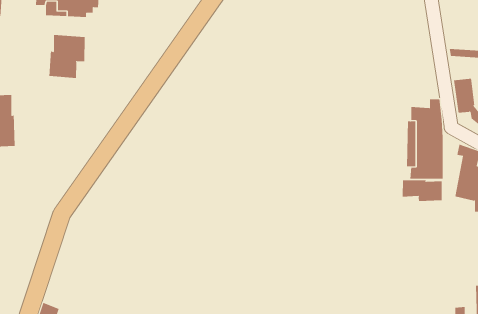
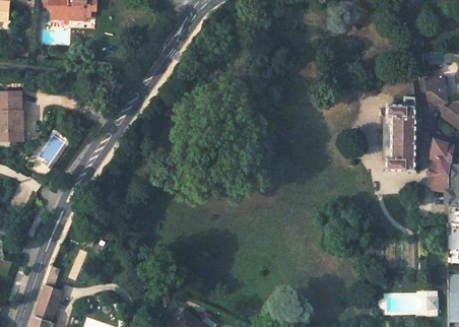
building: [49,34,85,79] -> none
building: [402,179,442,202] -> none

